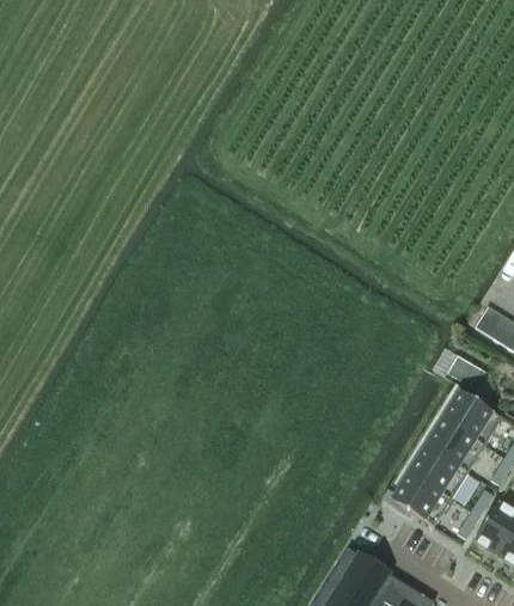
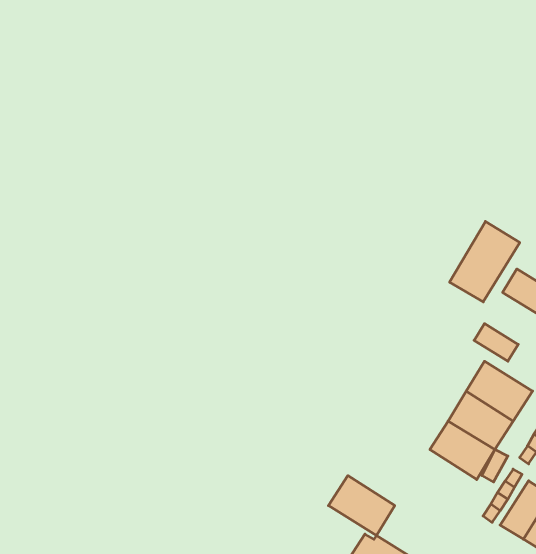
building: none -> [450,221,520,302]
building: [390,472,451,527] -> [328,476,395,535]

